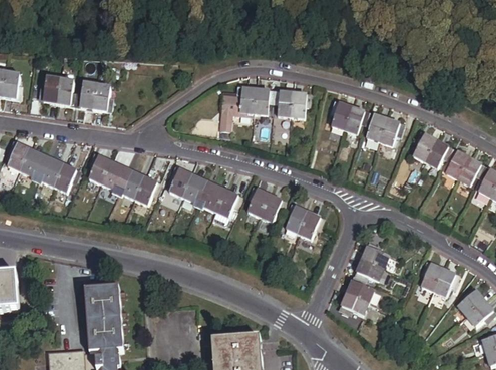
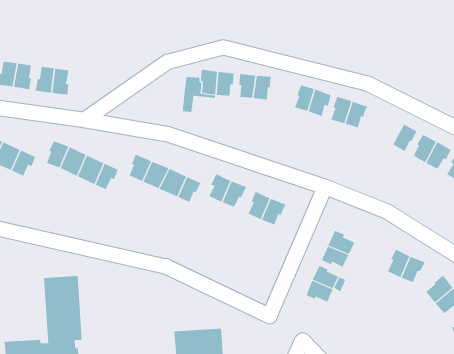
building: [412,131,435,159] -> none

